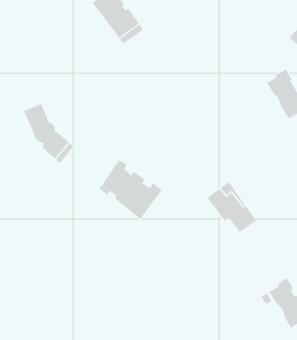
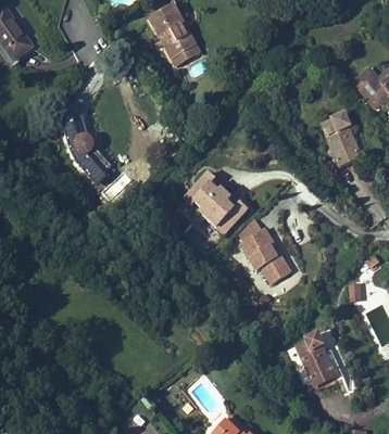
building: [99,160,163,220] -> [184,168,251,234]

